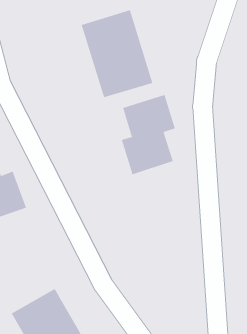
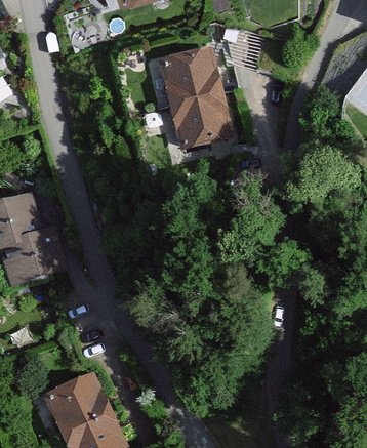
building: [121,94,175,175] -> none

